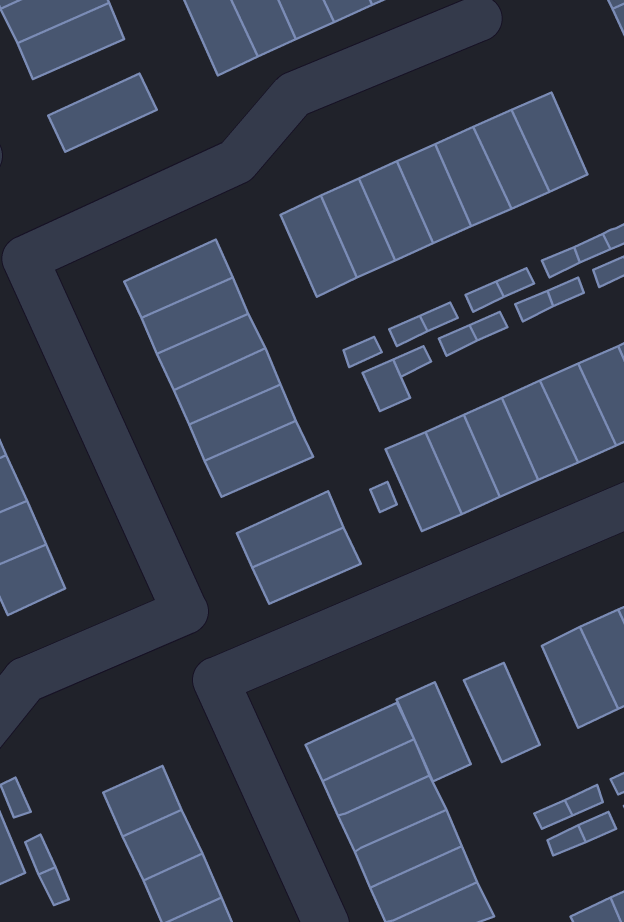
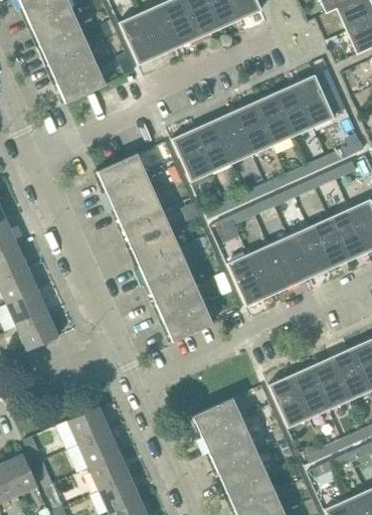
building: none -> [41,46,98,87]
building: none -> [141,267,197,307]
building: [397,682,471,781] -> [290,366,329,418]
building: none -> [67,405,110,444]

